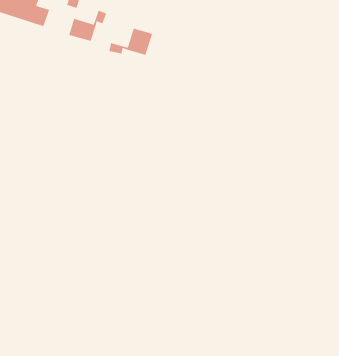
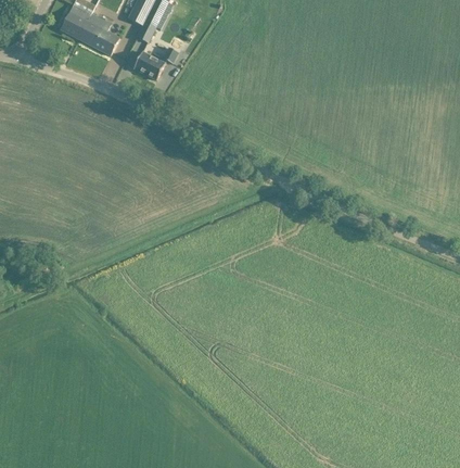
building: [109,27,153,56] -> none

